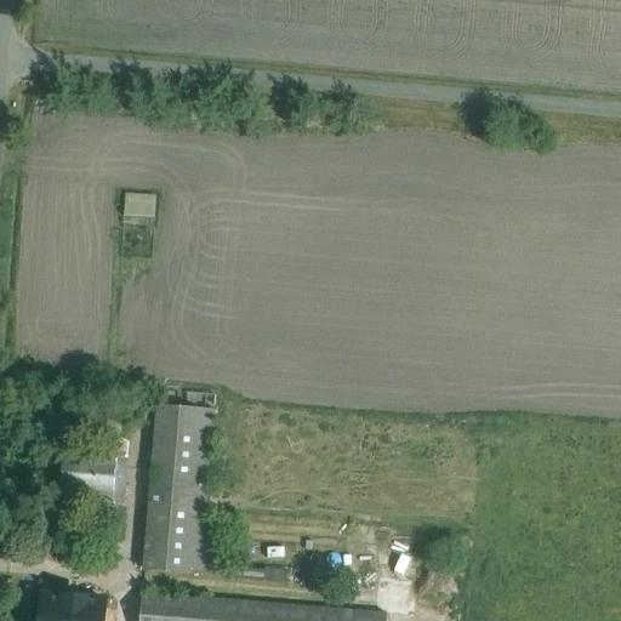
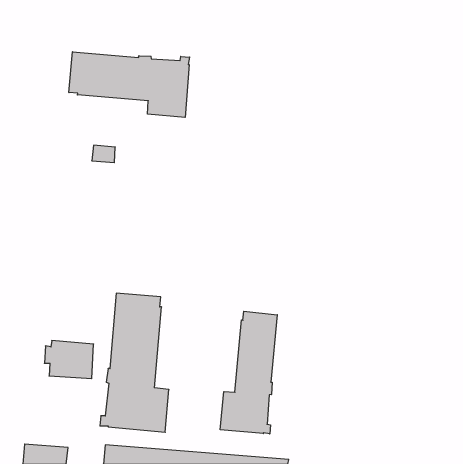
building: none -> [69,52,190,117]
building: none -> [220,311,277,434]

